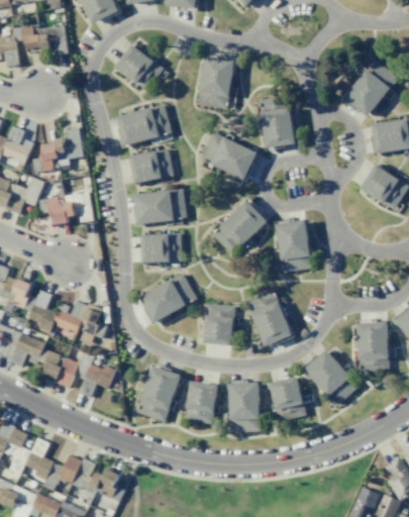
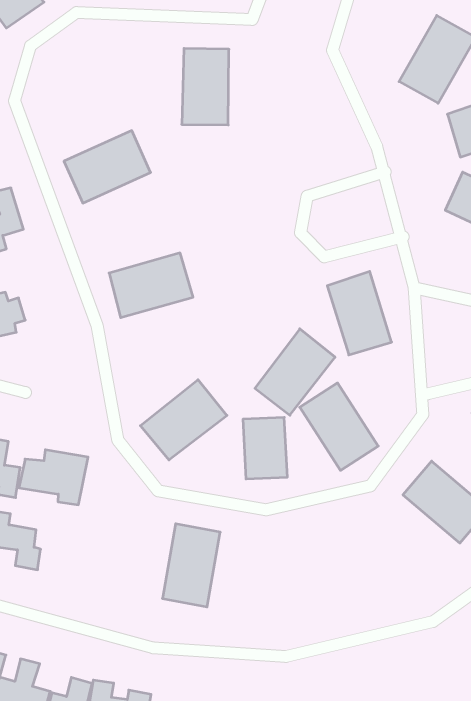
building: [115,43,164,90] -> none
building: [260,95,295,147] -> none
building: [200,131,258,179] -> none
building: [129,148,173,183] -> none
building: [211,199,267,254] -> [255,329,335,415]
building: [141,233,181,263] -> none
building: [58,355,79,388] -> none
building: [85,365,115,387] -> none
building: [270,377,306,421] -> none
building: [184,381,218,423] -> none
building: [229,382,261,432] -> none

